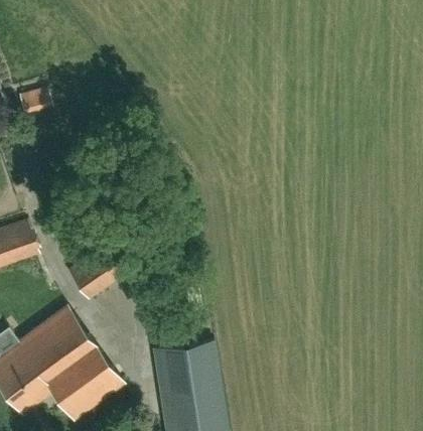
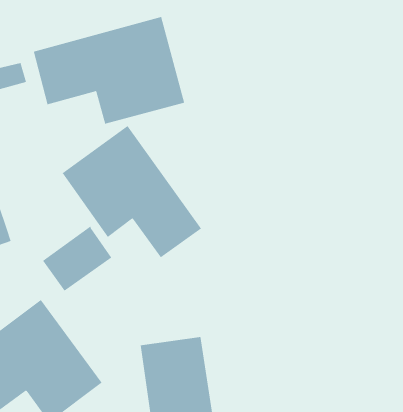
building: none -> [33,16,185,124]
building: none -> [62,125,202,258]

